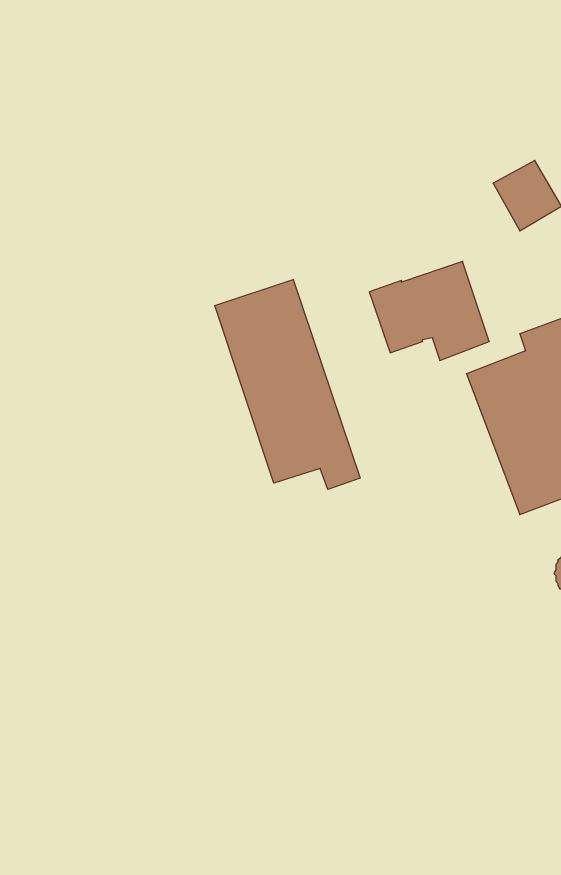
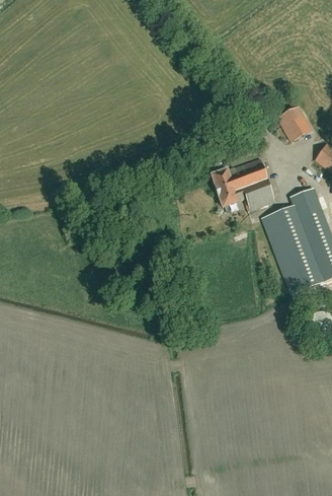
building: [215,279,360,489] -> none

